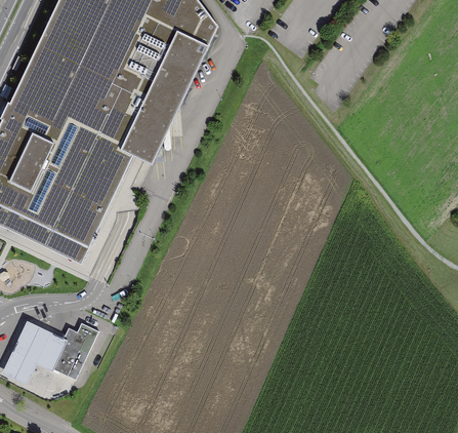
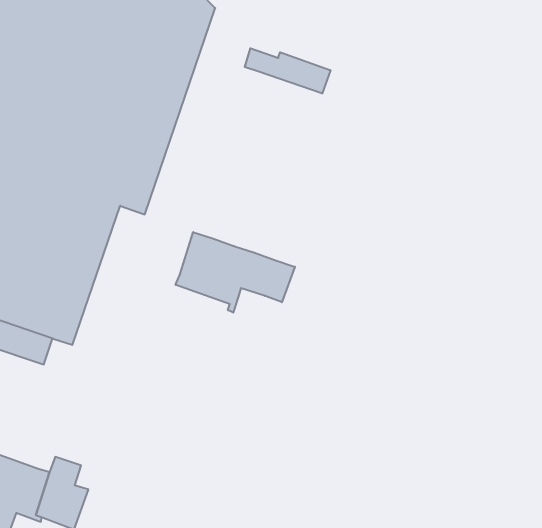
building: none -> [245,48,330,94]
building: none -> [176,232,295,313]

